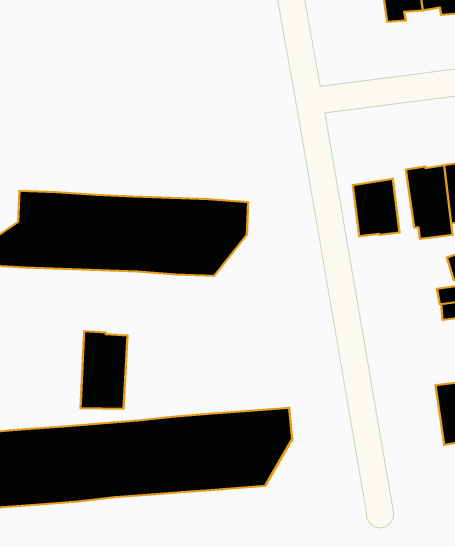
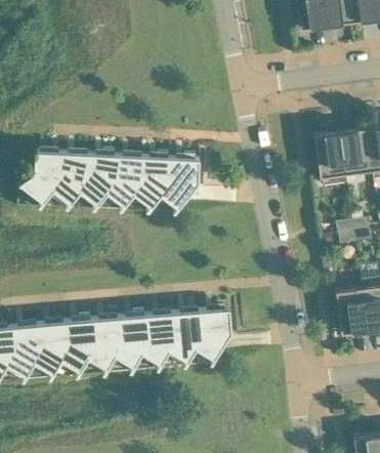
building: [353,179,400,236] -> none
building: [81,331,127,409] -> none

